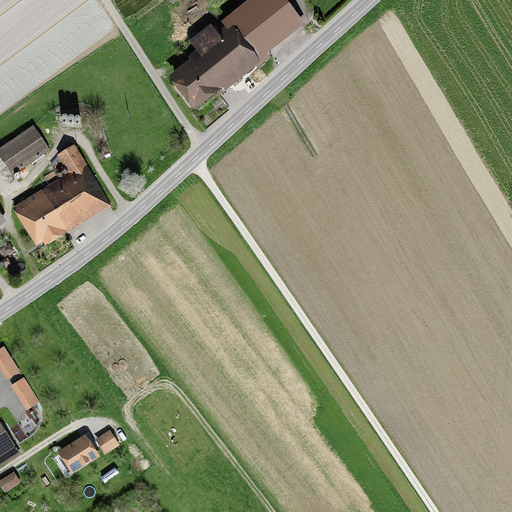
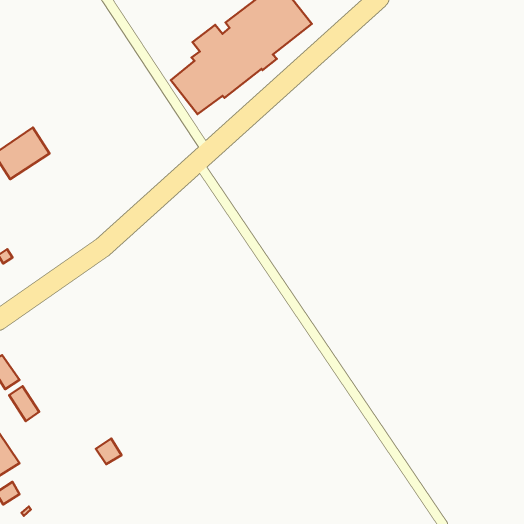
building: [11,144,110,247] -> none
building: [56,430,98,470] -> none

